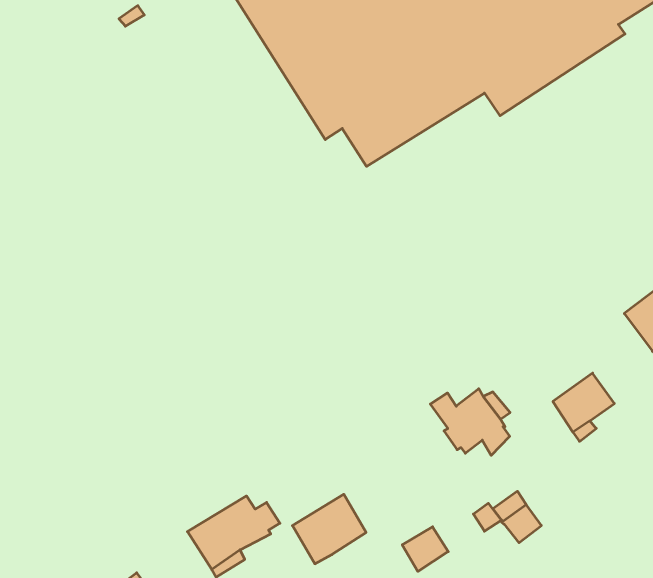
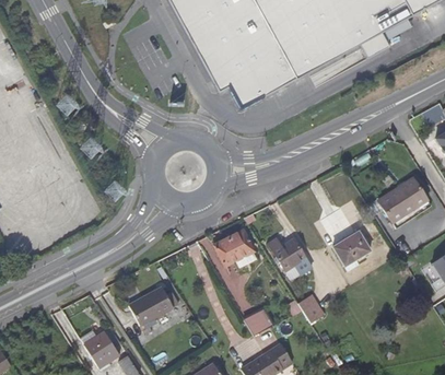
building: [292,494,366,564] -> [213,227,254,265]

